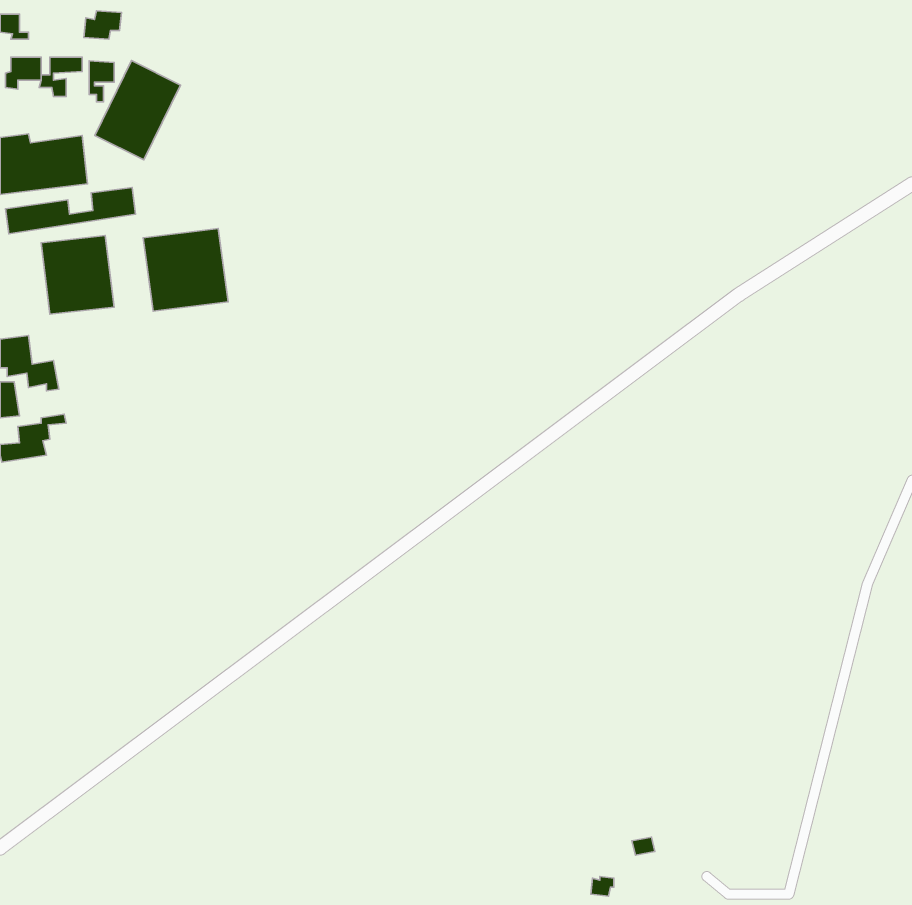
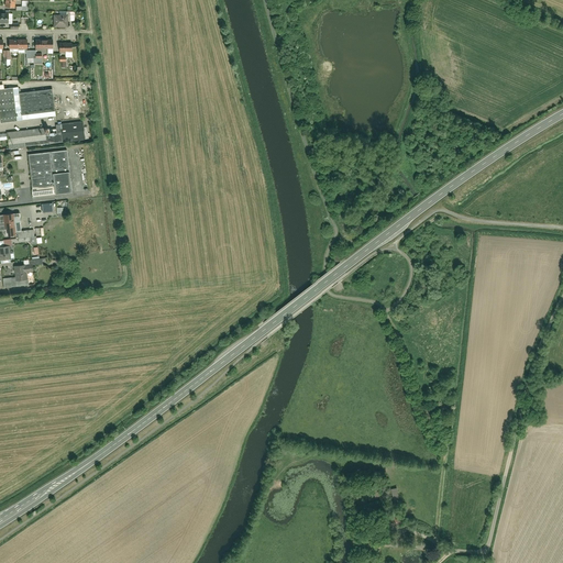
building: [95,61,181,160] -> none
building: [143,229,228,311] -> none

